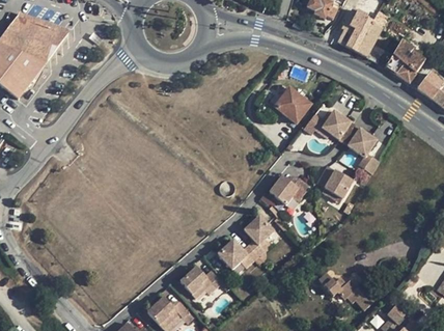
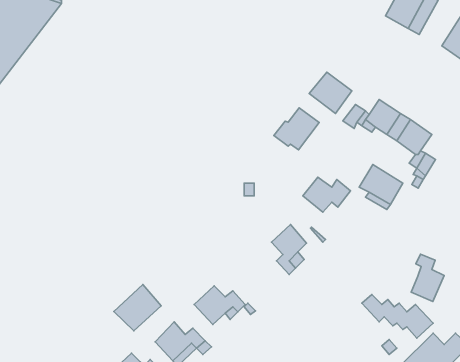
building: none -> [274,108,319,150]
building: [217,239,258,270] -> none
building: none -> [411,254,444,302]
building: none -> [114,285,161,331]

